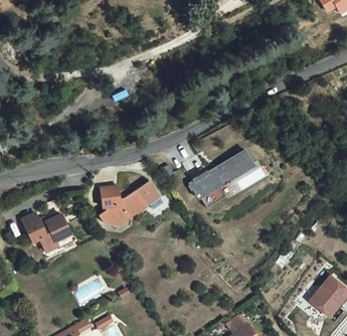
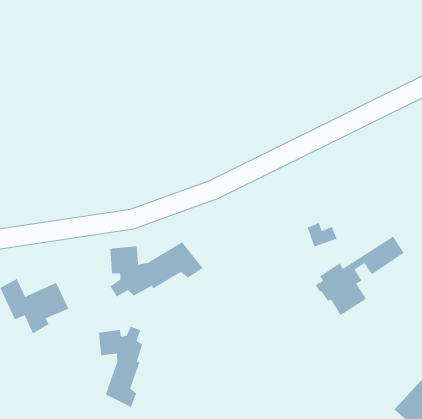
building: [190,149,254,206] -> [315,236,405,316]
building: none -> [99,326,143,408]

